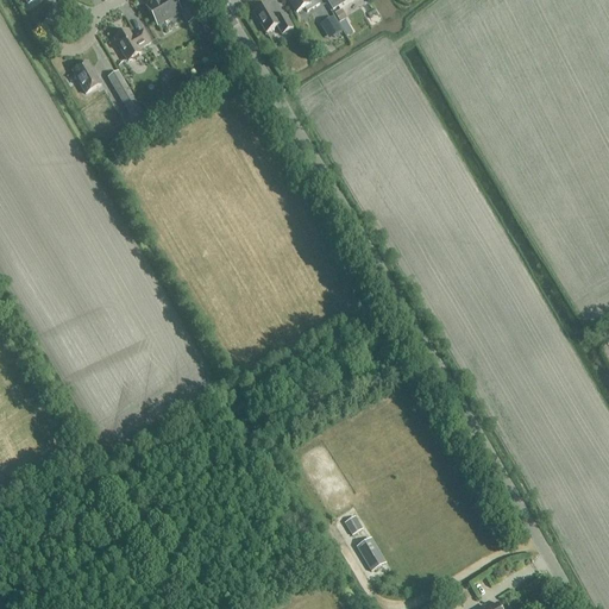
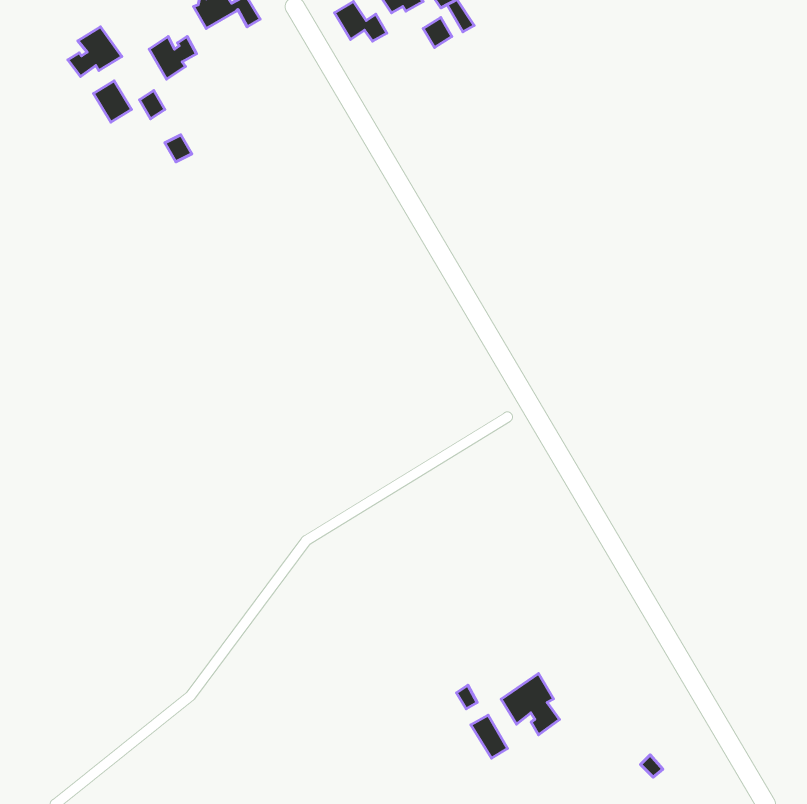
building: none -> [68,27,122,76]
building: none -> [501,673,559,735]

